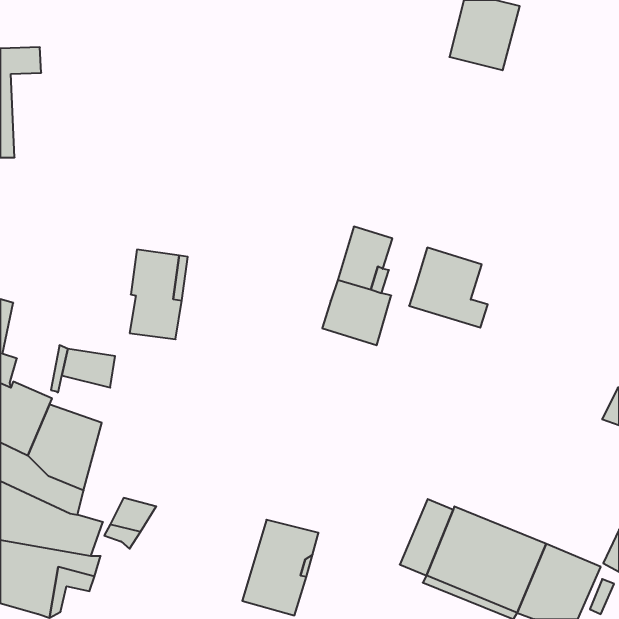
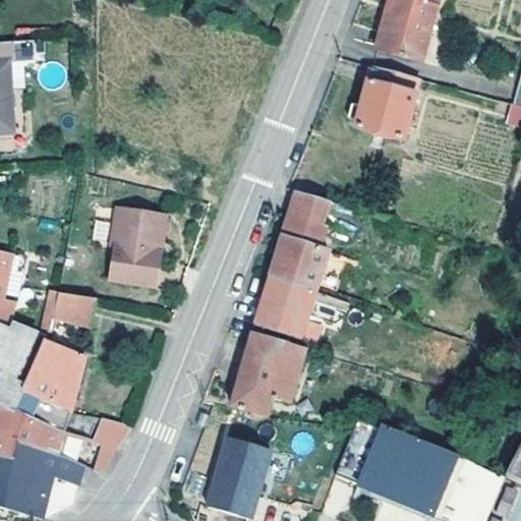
building: none -> [349,65,420,139]
building: [409,248,488,328] -> [255,276,322,343]
building: none -> [231,334,306,414]

